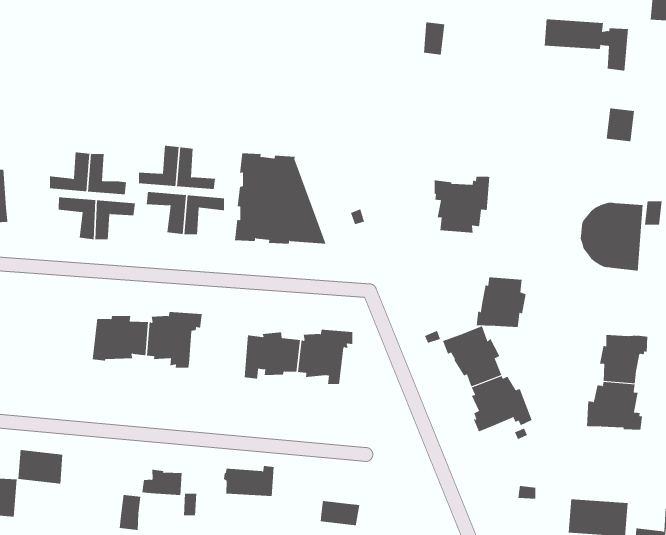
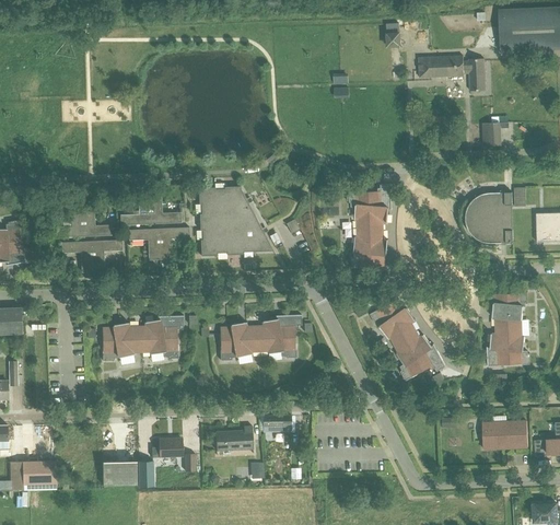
building: [476,277,527,328] -> [352,229,388,268]
building: [18,449,63,484] -> [103,462,138,485]
building: [320,500,360,526] -> [262,416,292,432]

